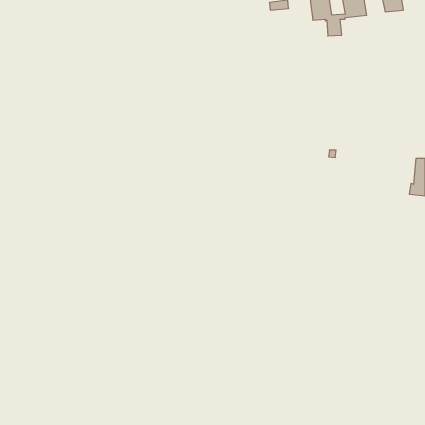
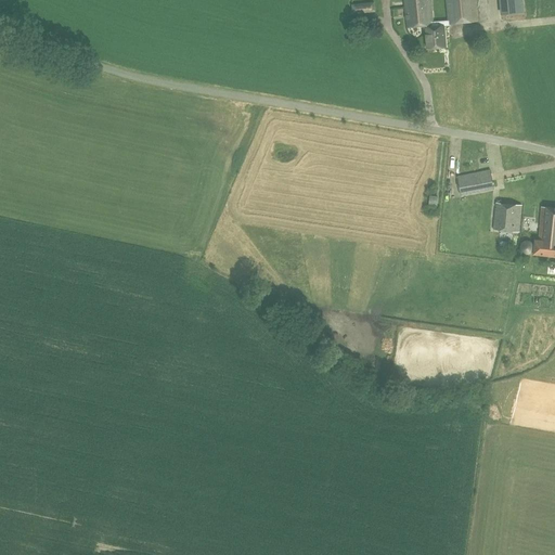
building: none -> [457,170,483,194]
building: none -> [494,202,521,231]

